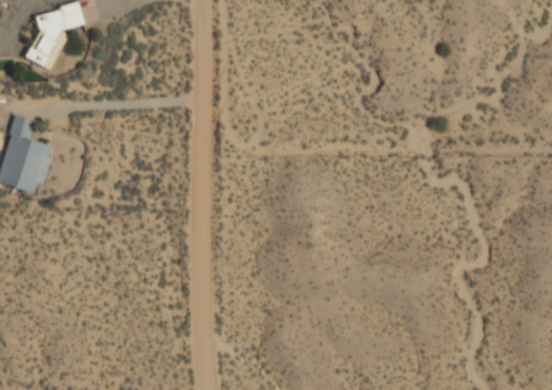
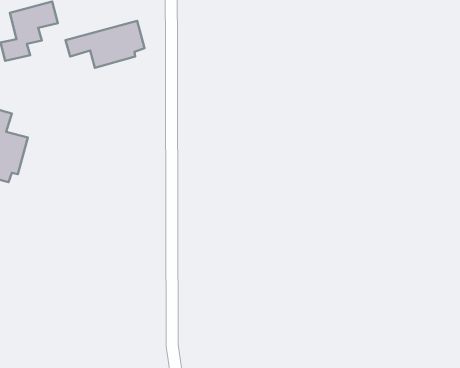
building: none -> [65,21,145,68]

